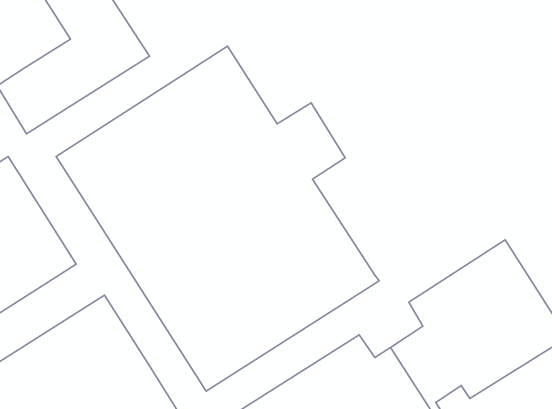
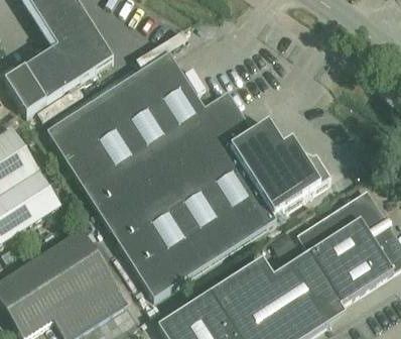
building: none -> [230,120,330,214]

